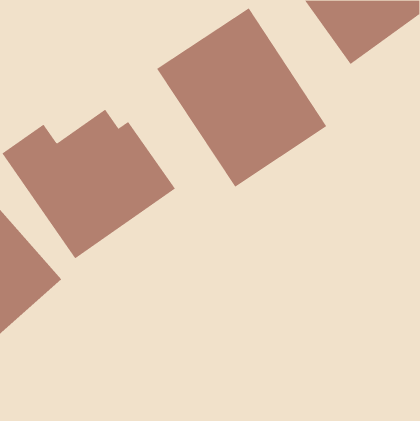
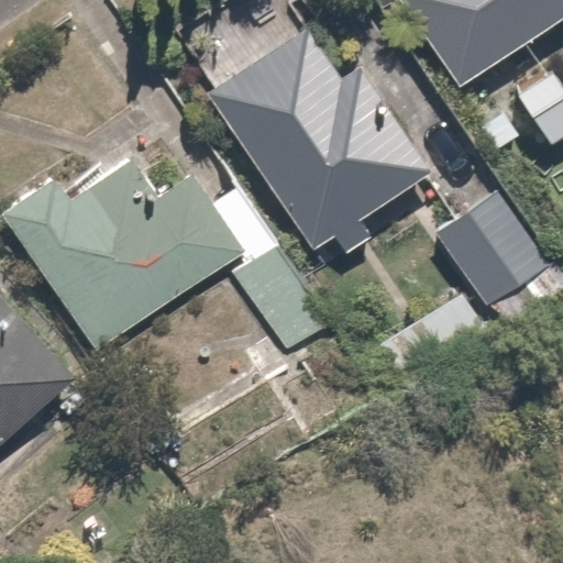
building: none -> [428,186,549,311]

